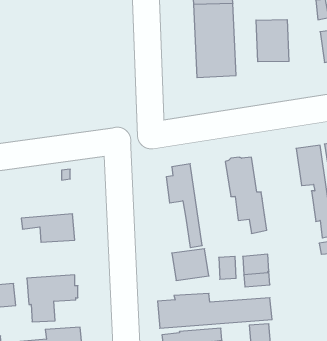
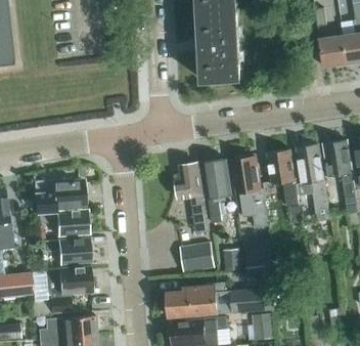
building: [256,20,289,62] -> none
building: none -> [266,149,301,224]
building: none -> [201,159,230,223]
building: none -> [35,181,85,211]
building: none -> [42,239,89,265]

